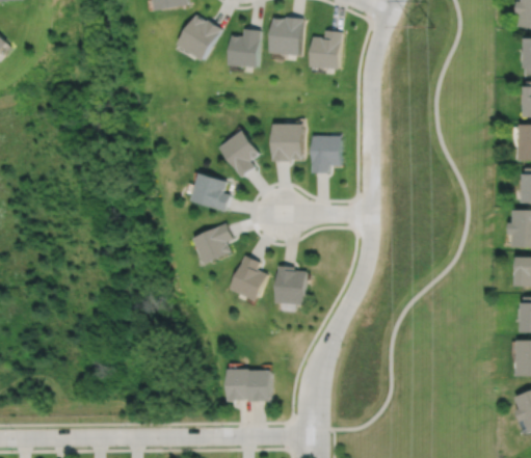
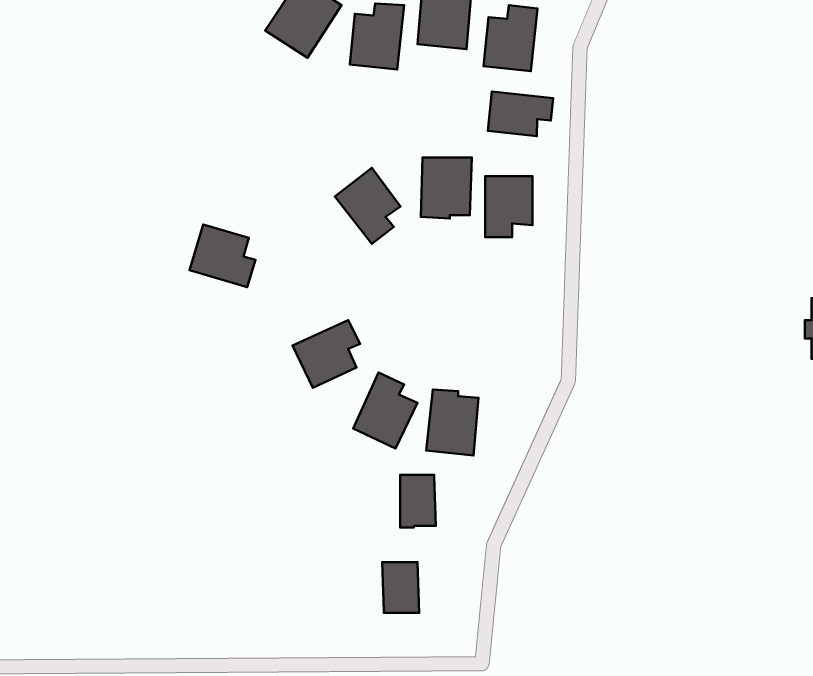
building: none -> [488,91,553,136]
building: [190,172,231,211] -> [190,224,256,287]
building: [227,371,248,403] -> [400,475,436,527]

